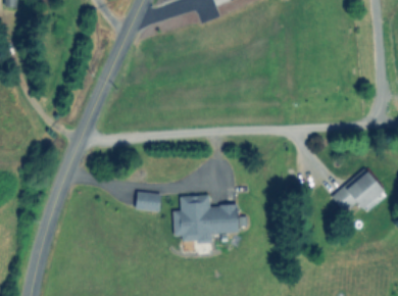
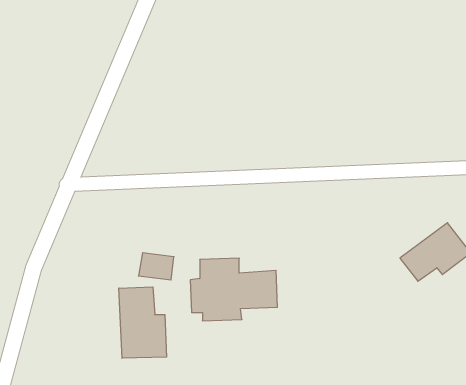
building: none -> [119,287,166,358]

